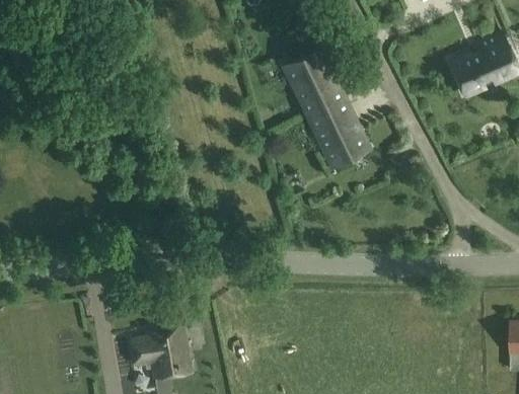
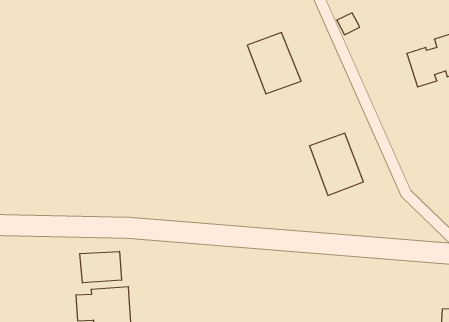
building: [308,100,367,166] -> [309,133,363,196]
building: none -> [80,251,122,283]

